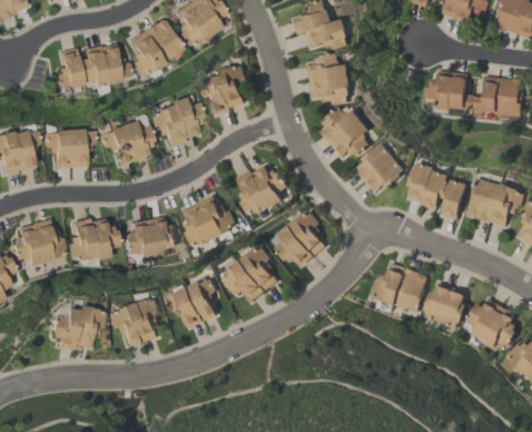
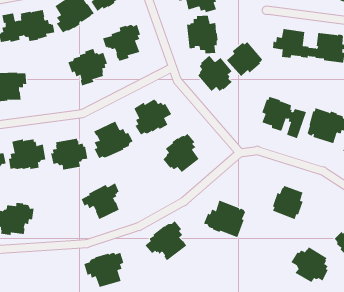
building: [95,121,149,167] -> none
building: [354,145,404,193] -> [226,41,263,77]
building: [218,247,276,303] -> [144,220,187,261]
building: [368,263,426,314] -> [203,200,246,238]
building: [105,300,159,347] -> [84,252,124,288]
building: [463,301,514,350] -> [291,247,328,283]

